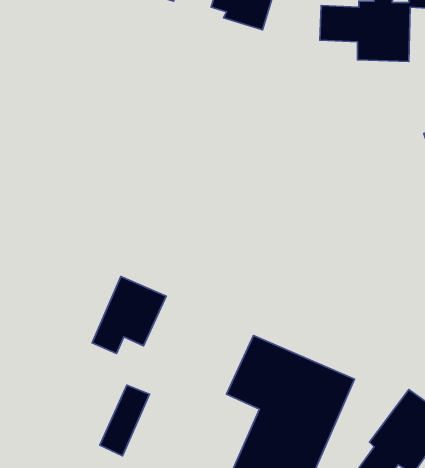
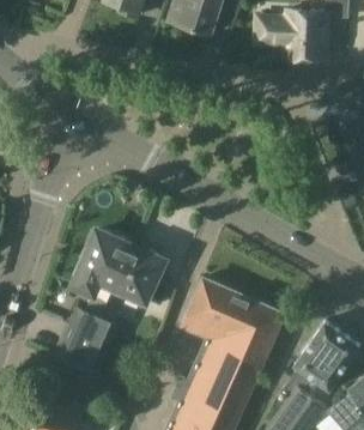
building: none -> [115,248,170,305]
building: none -> [56,307,102,367]

